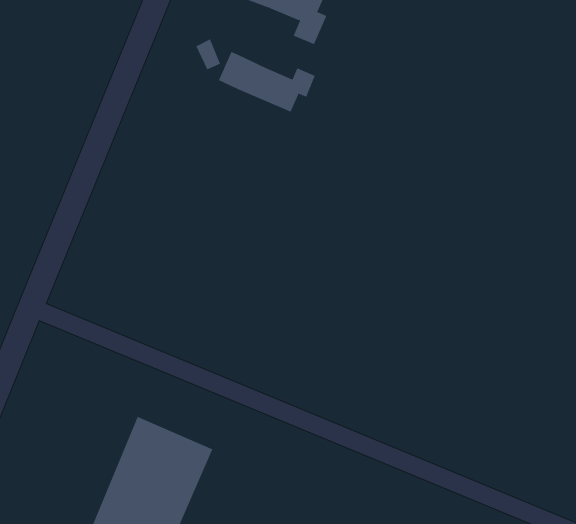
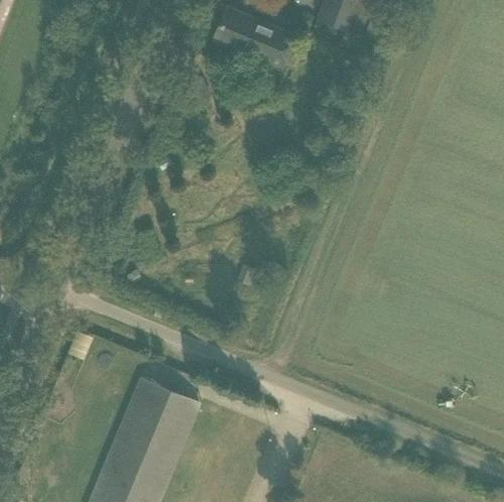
building: [218,51,316,112] -> none

